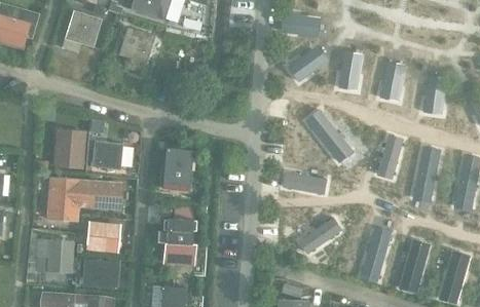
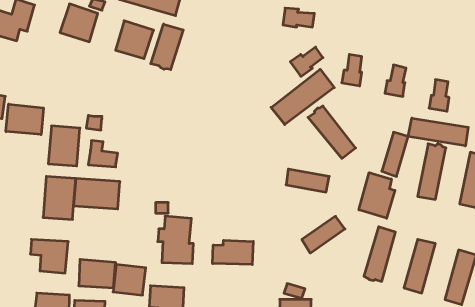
building: none -> [151,24,183,70]
building: none -> [271,69,334,125]
building: none -> [6,104,43,135]
building: none -> [408,118,468,146]
building: [159,148,190,191] -> none
building: none -> [359,173,395,218]
building: [84,222,116,252] -> [113,265,146,295]
building: none -> [213,240,253,265]

